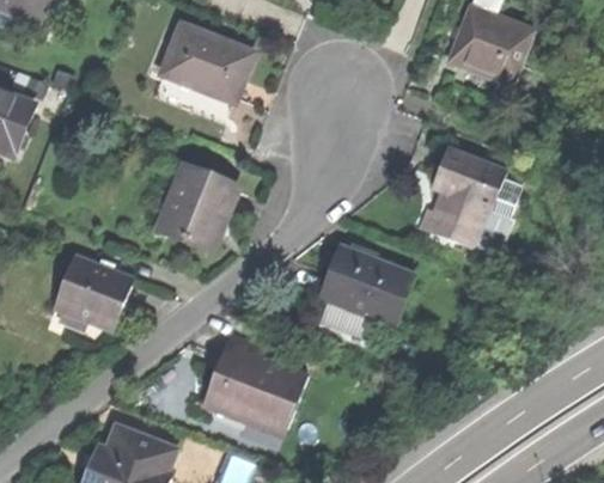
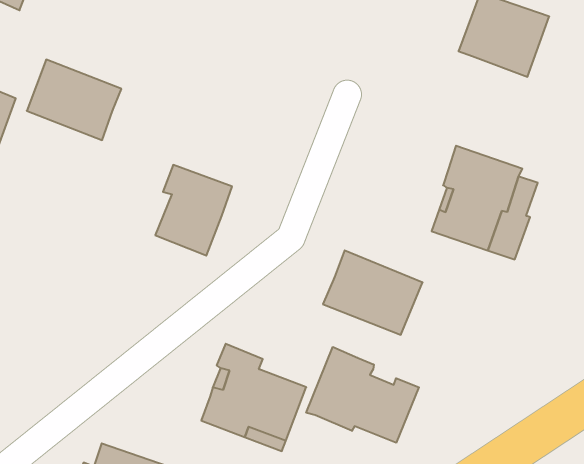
building: [161,25,250,100] -> [27,60,121,140]
building: [55,255,134,331] -> none
building: none -> [306,347,419,443]

